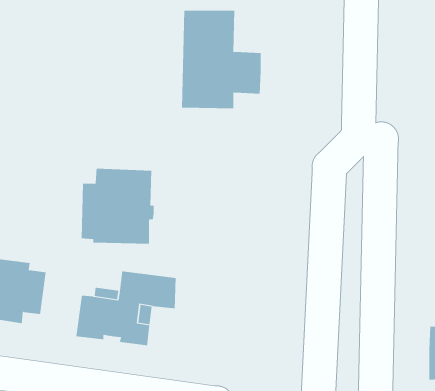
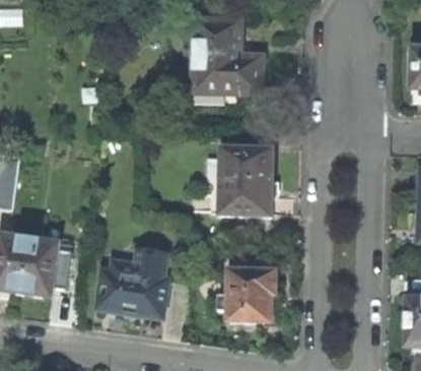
building: [81,168,155,244] -> [208,147,273,214]
building: none -> [215,269,274,321]

